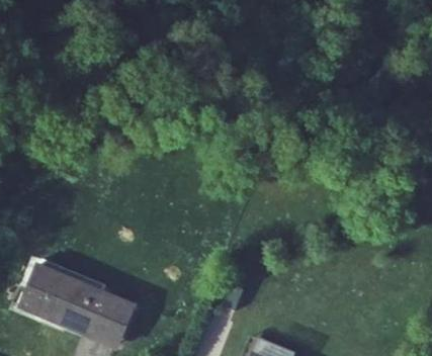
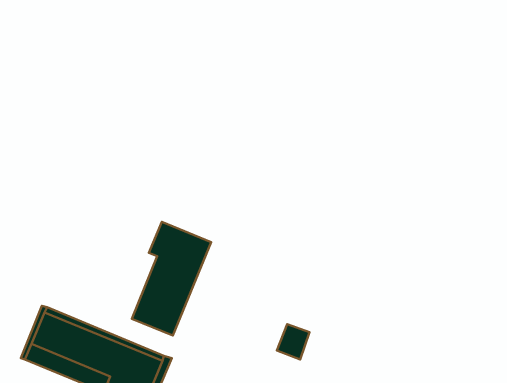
building: none -> [132,222,211,336]

